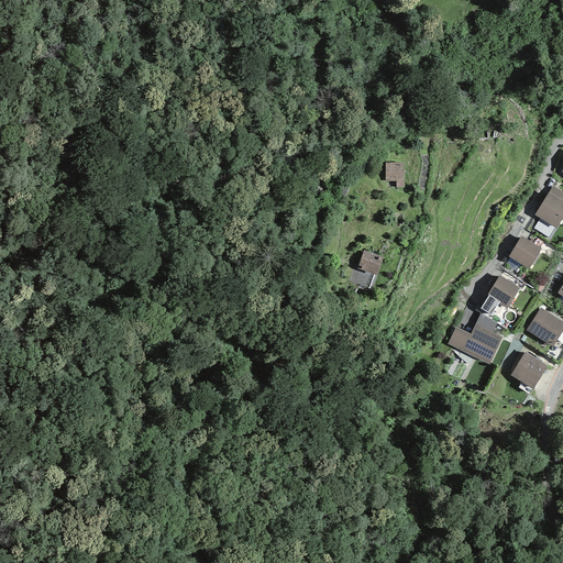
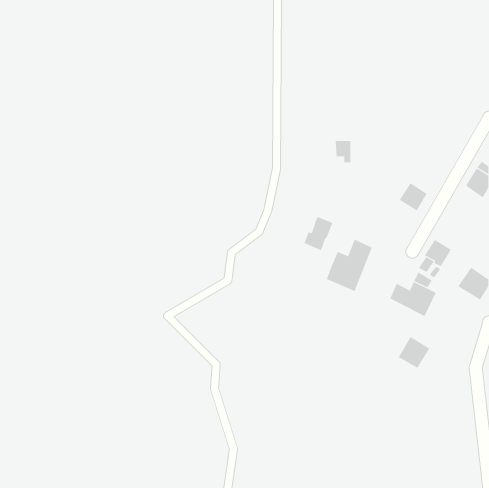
building: [508,235,541,268] -> [399,182,428,211]
building: none -> [326,239,372,292]
building: [510,351,548,388] -> [398,336,430,369]

